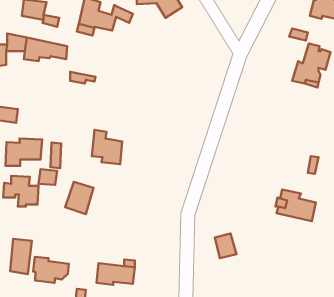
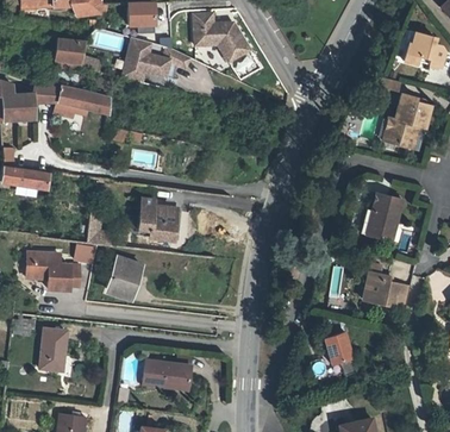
building: none -> [362,192,404,240]
building: [6,138,42,166] -> none
building: [215,233,237,258] -> [326,334,352,364]
building: [33,257,69,283] -> none

